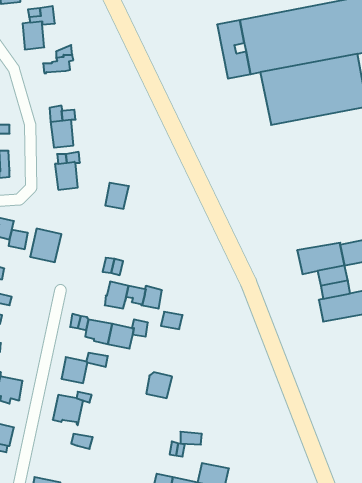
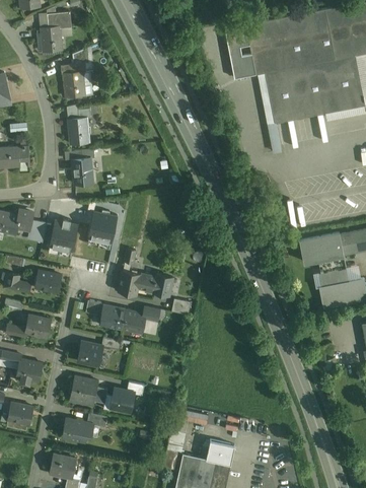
building: none -> [63,72,83,97]
building: [105,183,129,209] -> [90,217,113,241]
building: none -> [34,270,60,292]
building: none -> [24,315,50,338]
building: [146,372,172,398] -> [109,388,134,412]
building: none -> [64,418,92,441]

